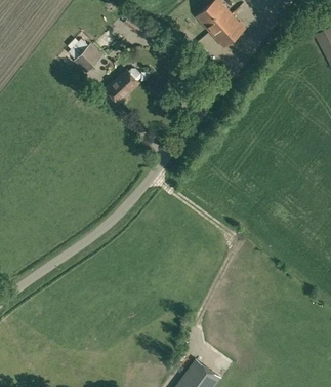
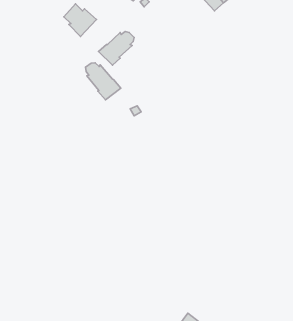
building: none -> [86,63,121,100]

